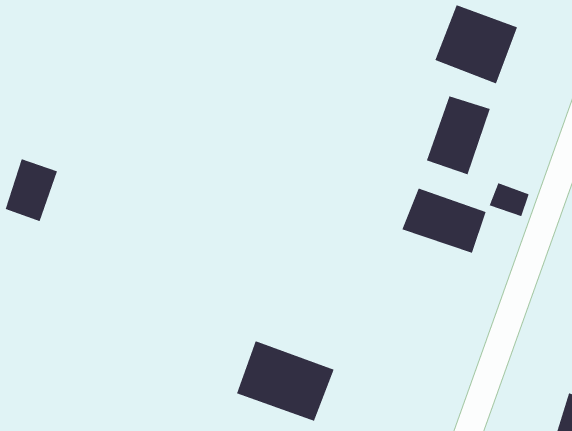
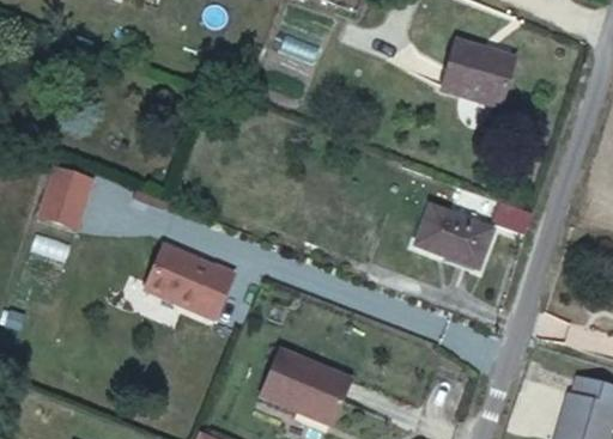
building: [426,96,491,175] -> none
building: none -> [146,252,235,321]

